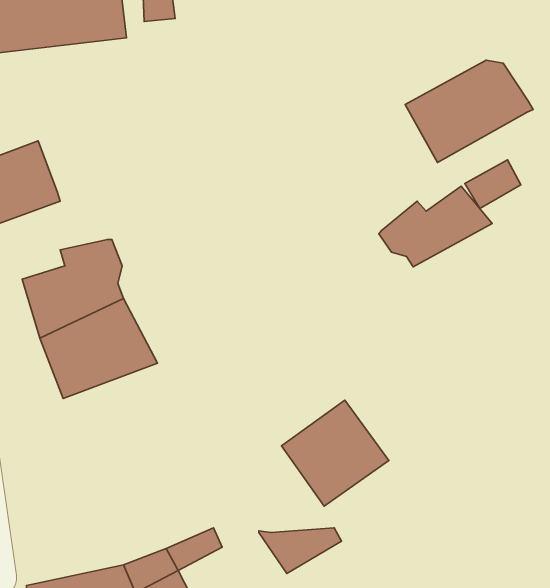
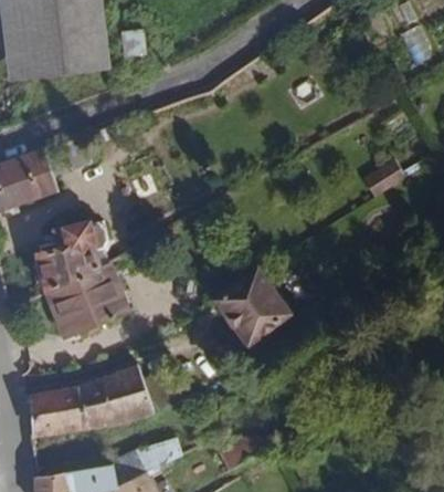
building: [405,60,533,162] -> none
building: [379,186,492,267] -> none
building: [281,400,389,506] -> [215,269,296,348]
building: none -> [29,368,154,438]

